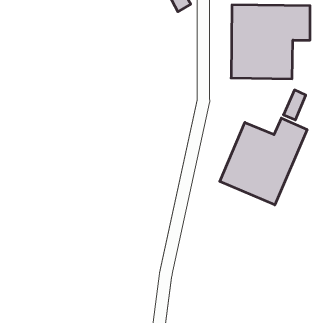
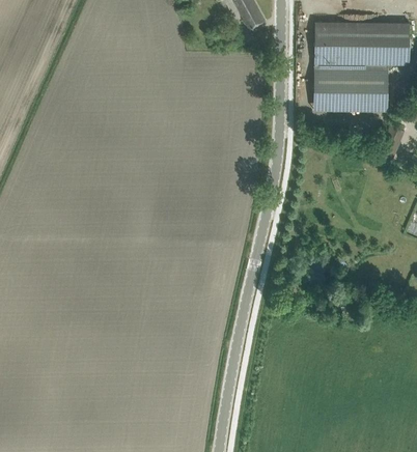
building: [220,118,307,205] -> none

